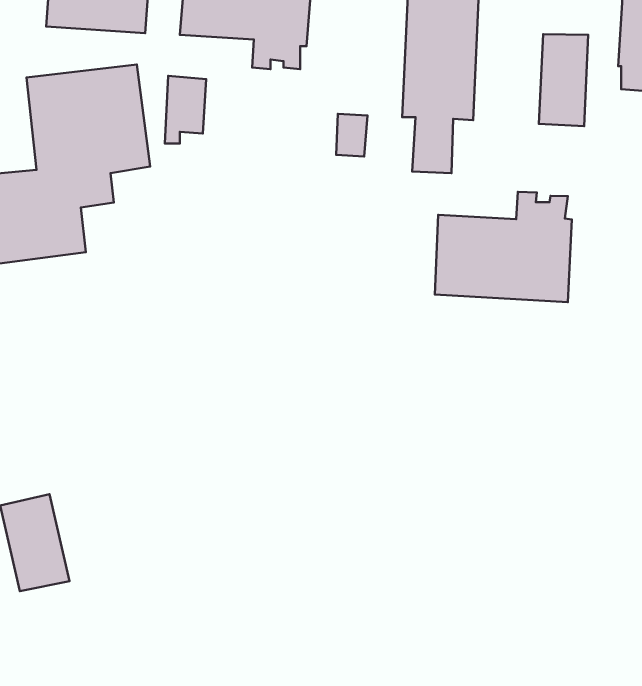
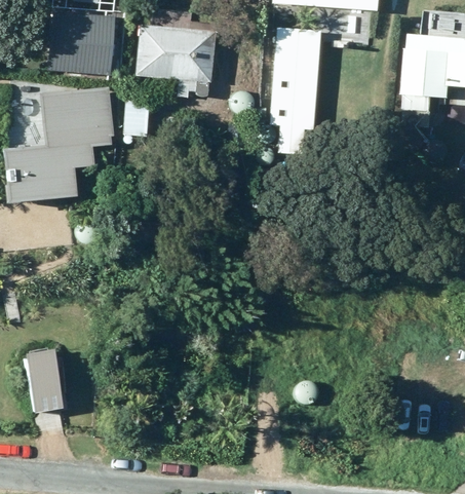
building: [539,34,588,126] -> none
building: [435,192,572,302] -> none

